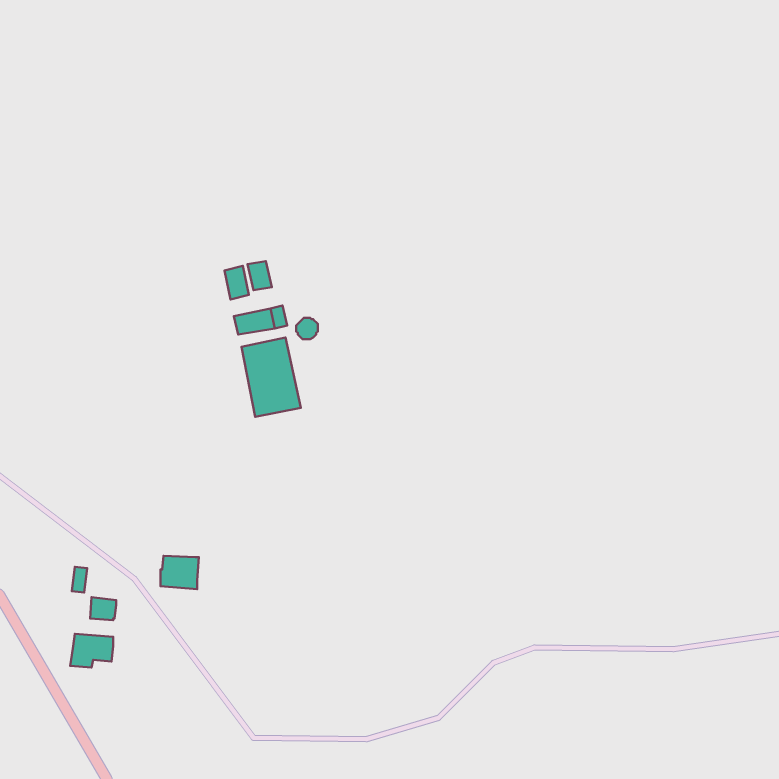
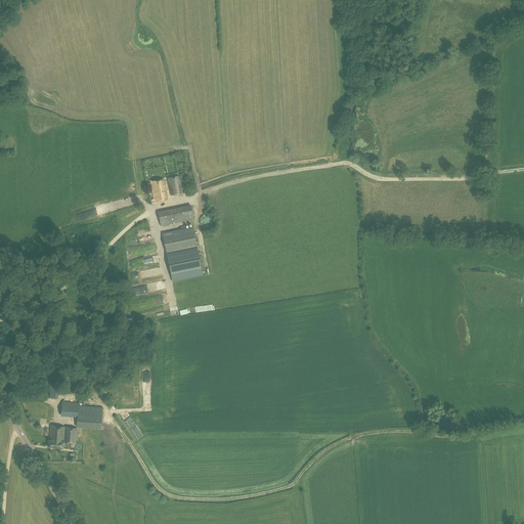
building: [161,556,199,589] -> [76,405,101,428]

